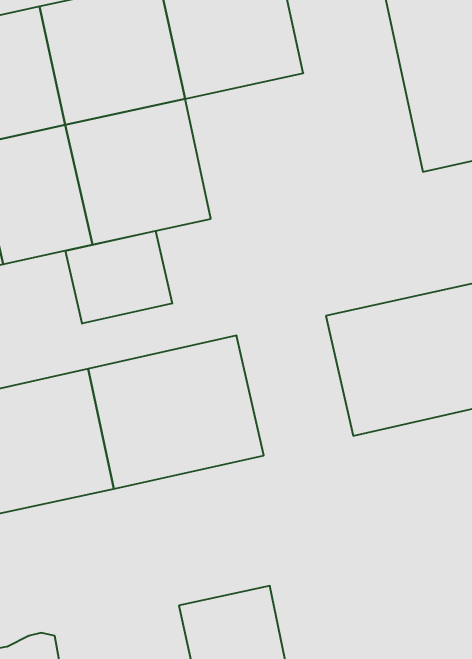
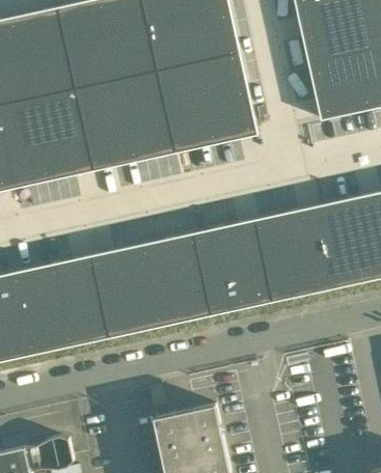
building: none -> [158,53,257,152]
building: [65,231,172,324] -> none
building: none -> [193,219,273,314]

